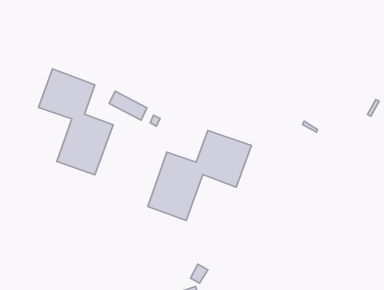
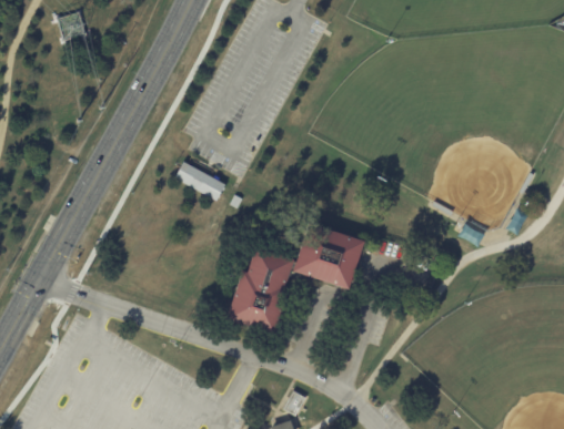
building: [39,69,113,175] -> none

